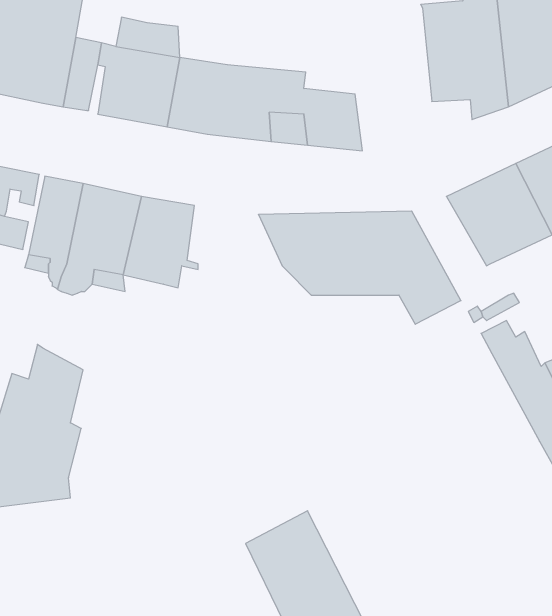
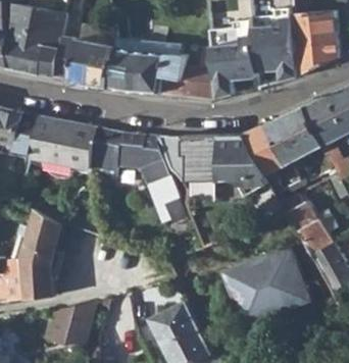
building: none -> [210,20,256,100]
building: none -> [245,125,287,184]
building: none -> [119,131,193,219]
building: none -> [225,246,311,325]
building: none -> [51,302,97,343]

